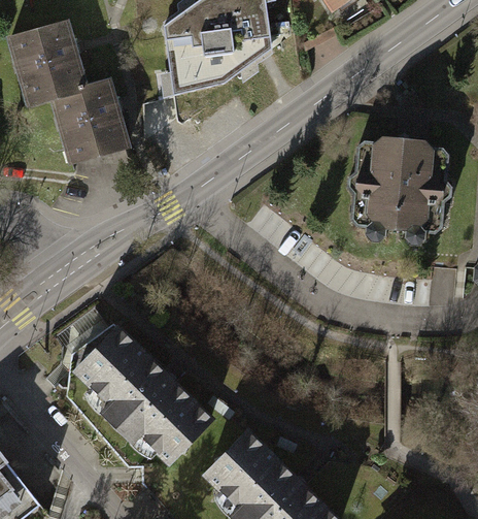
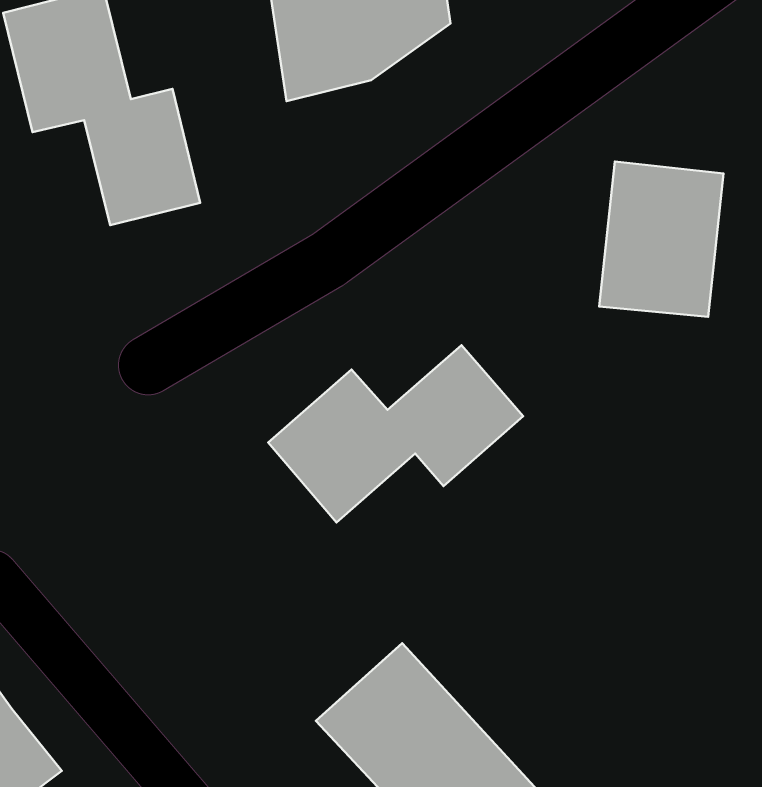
building: none -> [268,345,523,522]
building: [64,315,206,463] -> none

